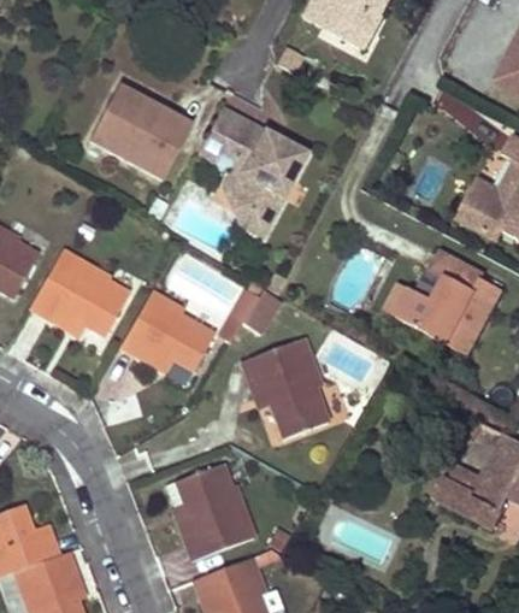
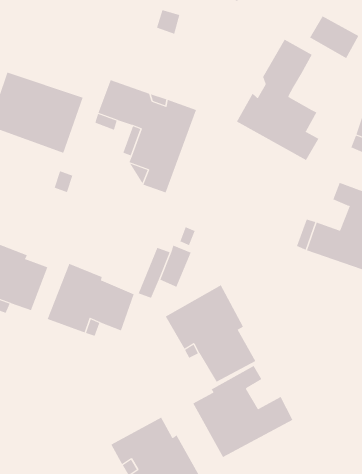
building: none -> [236,39,319,161]
building: none -> [193,365,293,458]

